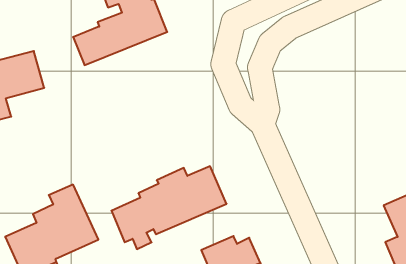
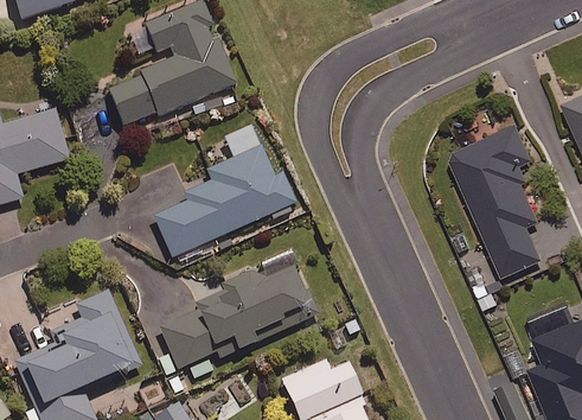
building: none -> [449,123,544,284]
building: none -> [151,125,295,259]

